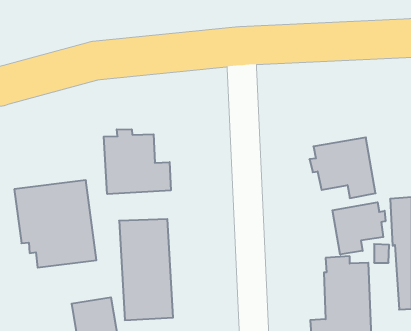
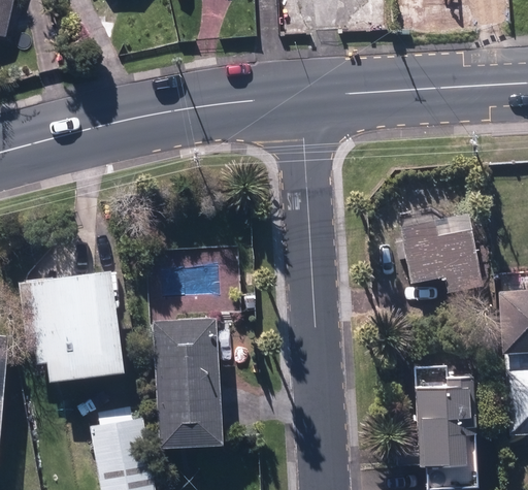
building: [104,129,171,194] -> none
building: [332,202,385,255] -> none

